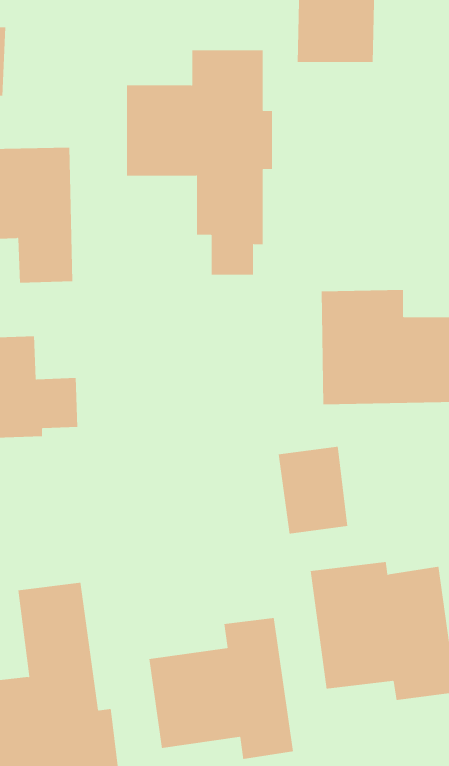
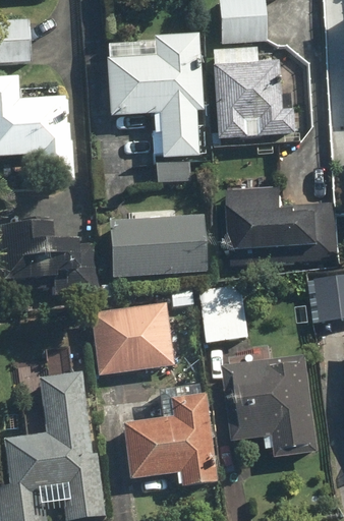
building: none -> [211,49,289,139]
building: none -> [106,204,200,272]
building: none -> [91,299,172,371]

